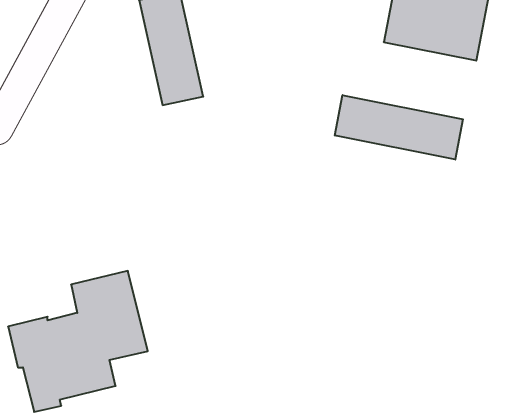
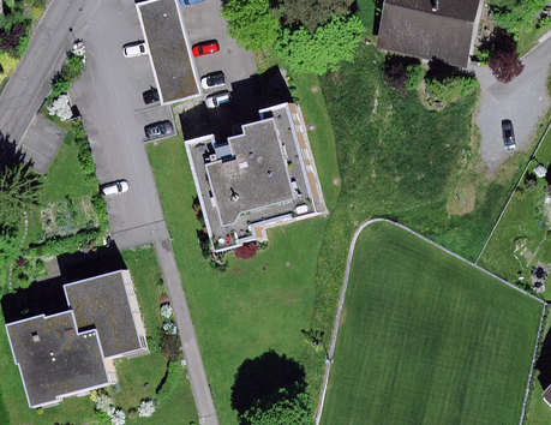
building: [335,95,463,160] -> none
building: none -> [190,102,318,255]

